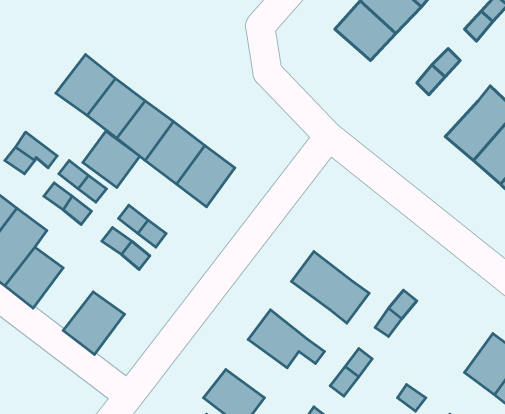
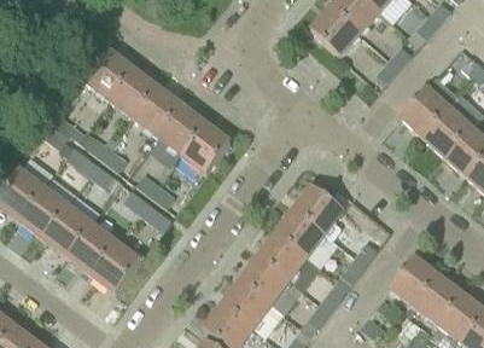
building: [83,131,140,188] -> none
building: none -> [293,186,343,233]
building: none -> [66,222,115,273]
building: none -> [258,233,307,280]
building: none -> [390,256,438,307]
building: none -> [222,280,272,327]

